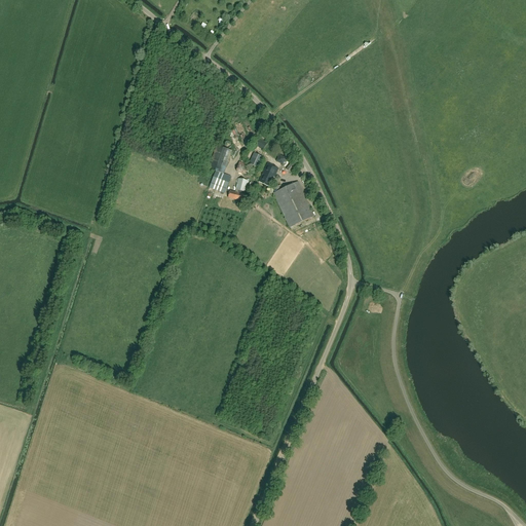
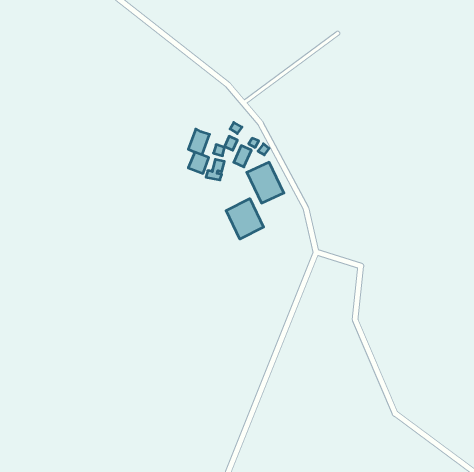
building: none -> [226,199,264,239]

